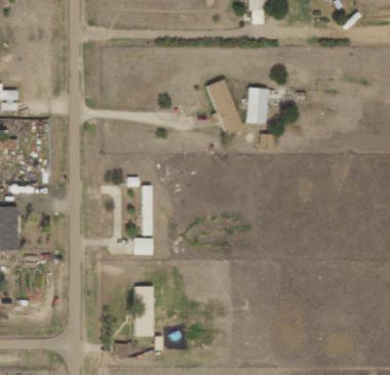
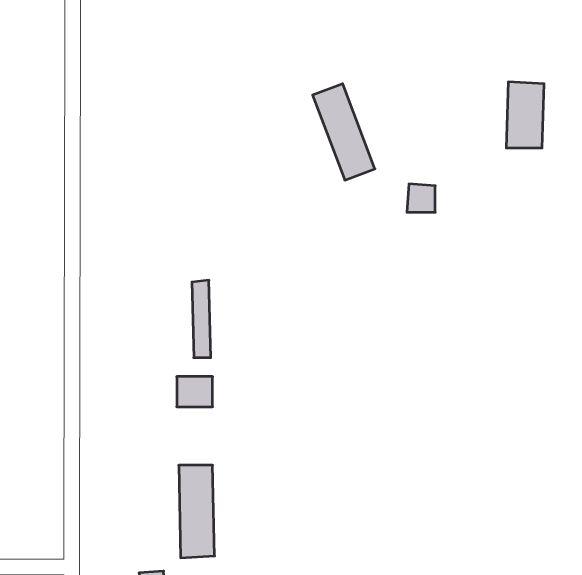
building: [246,86,267,122] -> [506,82,544,148]

